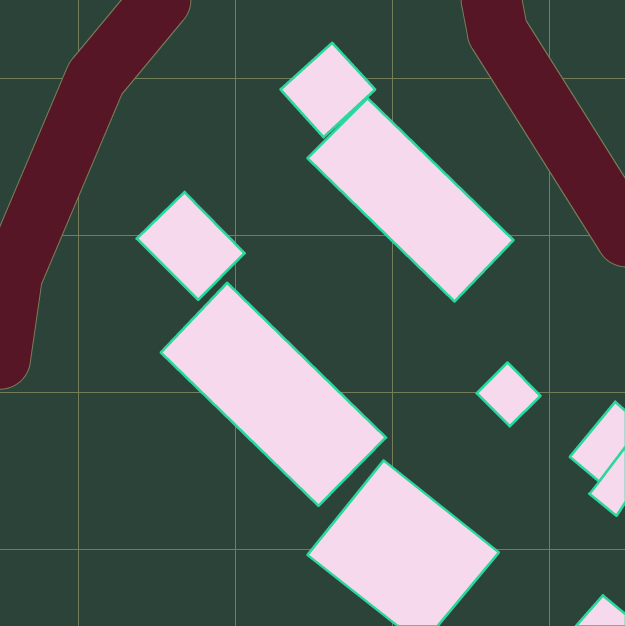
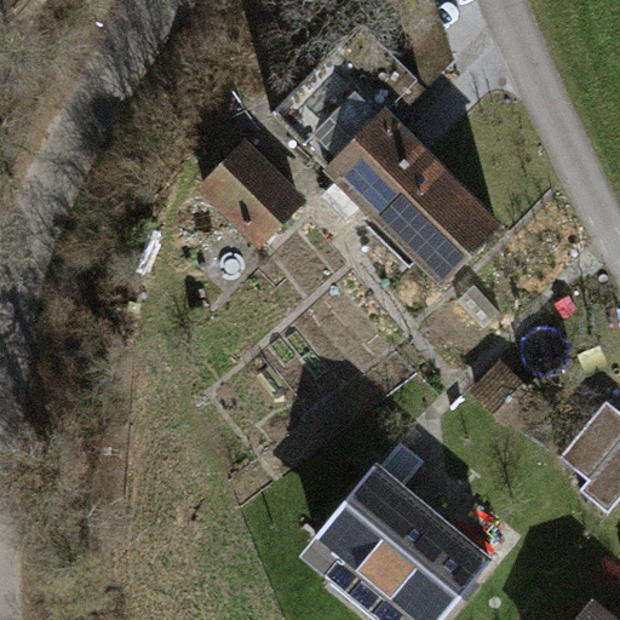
building: [137,192,245,300] -> [202,147,309,253]
building: [161,283,386,506] -> none

